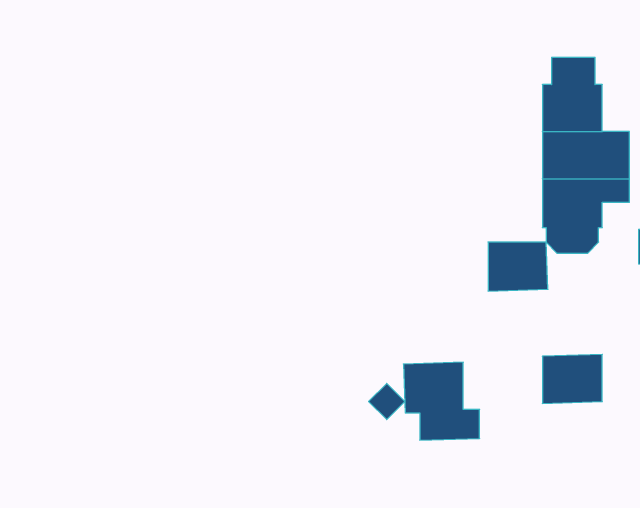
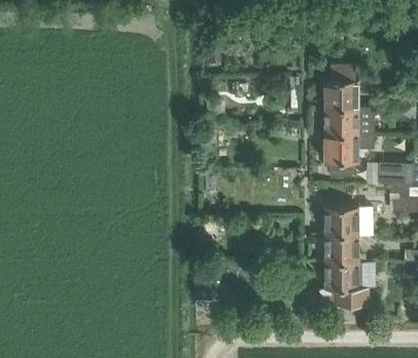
building: [488,242,548,291] -> [324,209,358,237]
building: [403,362,480,440] -> [324,262,368,307]

